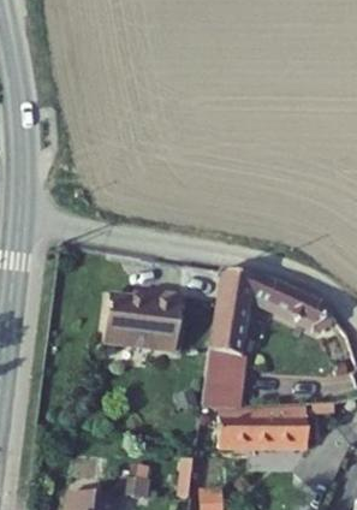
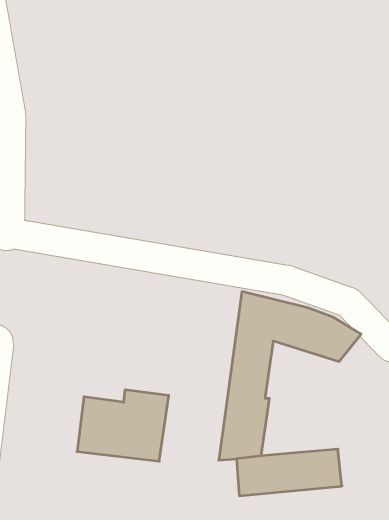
building: [100,287,180,350] -> [77,390,169,461]

